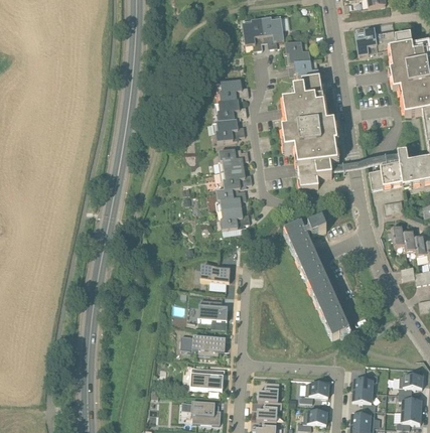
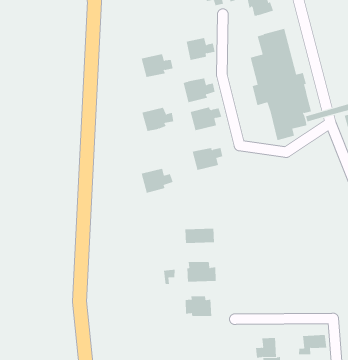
building: [295,59,320,82] -> none
building: [217,99,248,121] -> [141,53,173,78]
building: [222,167,253,189] -> [142,107,174,131]
building: [220,206,251,230] -> [141,168,174,193]
building: [285,220,347,338] -> none
building: [191,367,226,389] -> none

